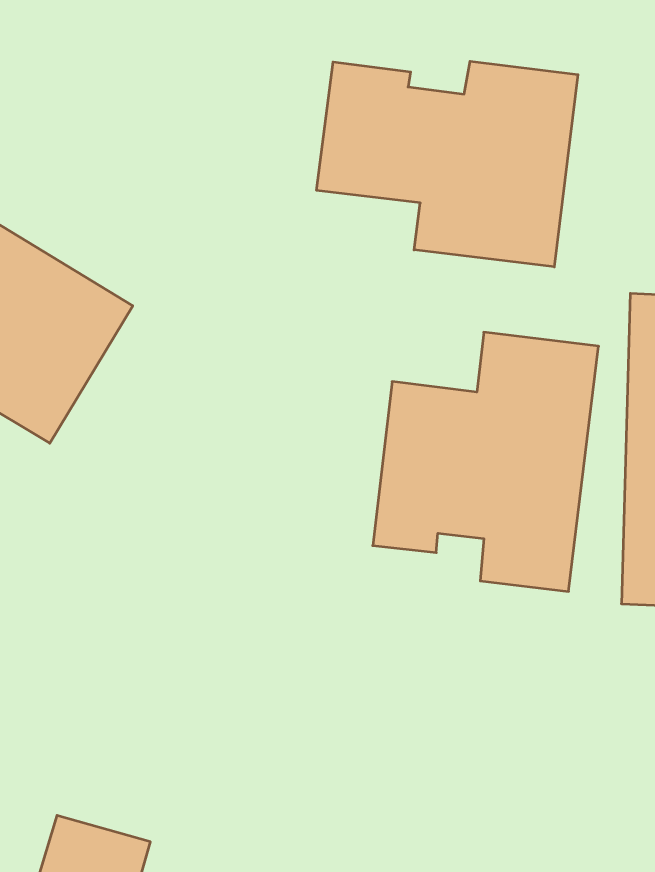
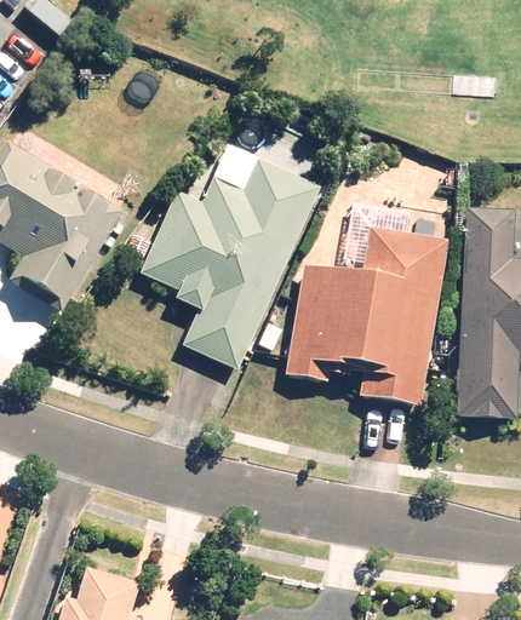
building: [317,61,578,267] -> none
building: none -> [144,143,317,368]

